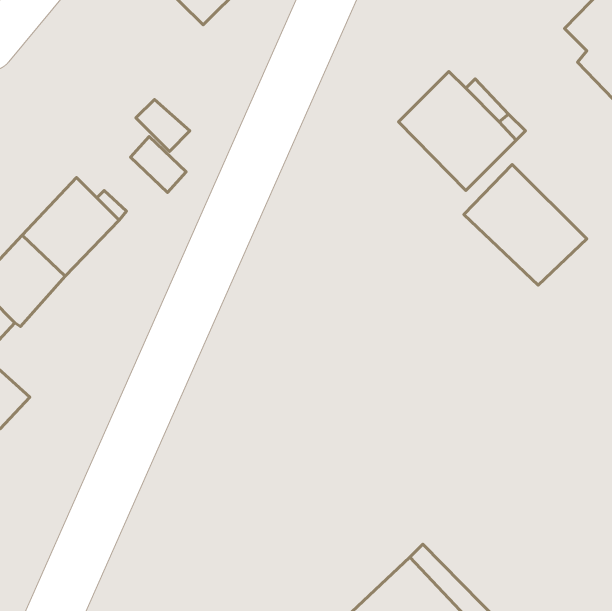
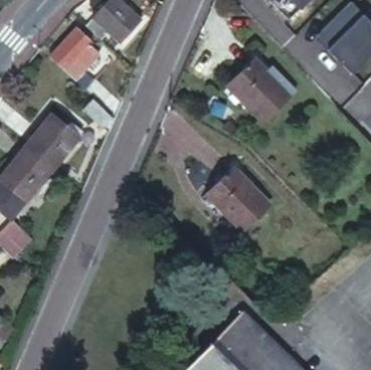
building: none -> [57,29,103,75]
building: [464,164,587,285] -> [205,170,271,235]

